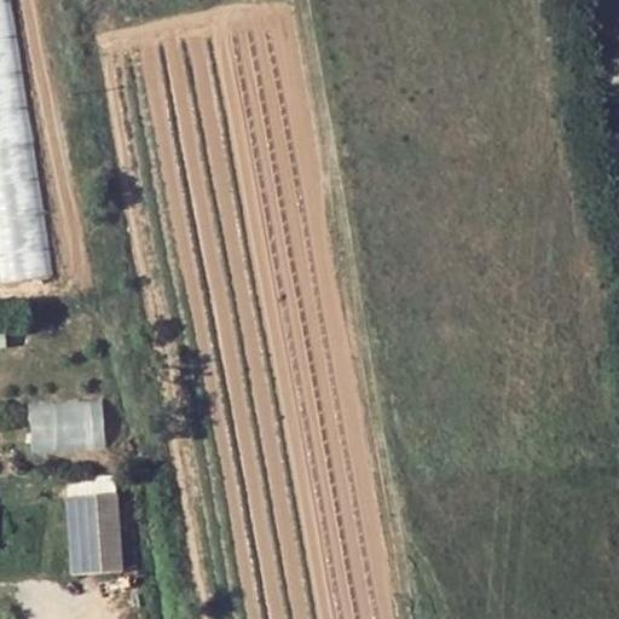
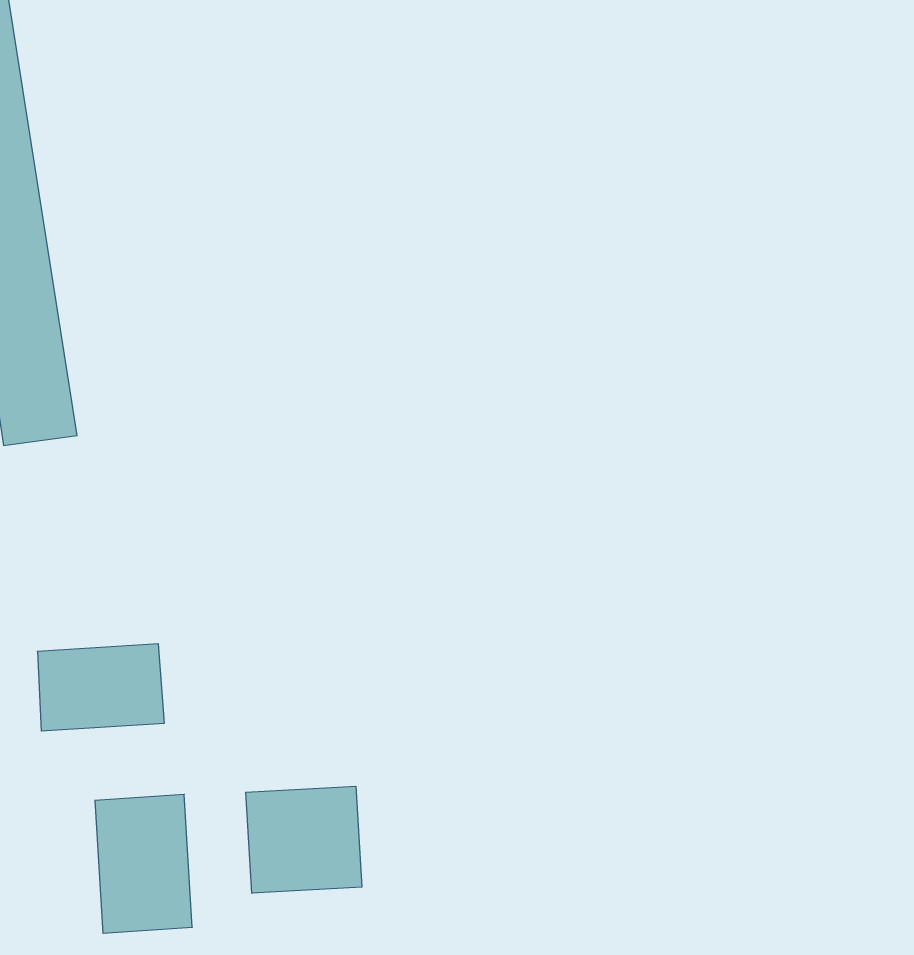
building: none -> [246,786,362,893]

